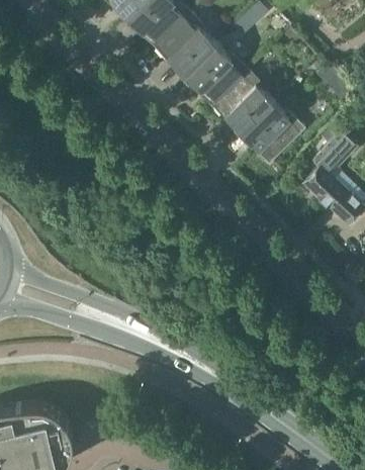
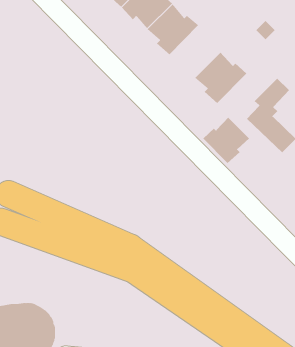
building: [210,69,272,132] -> none
building: none -> [202,117,250,164]

